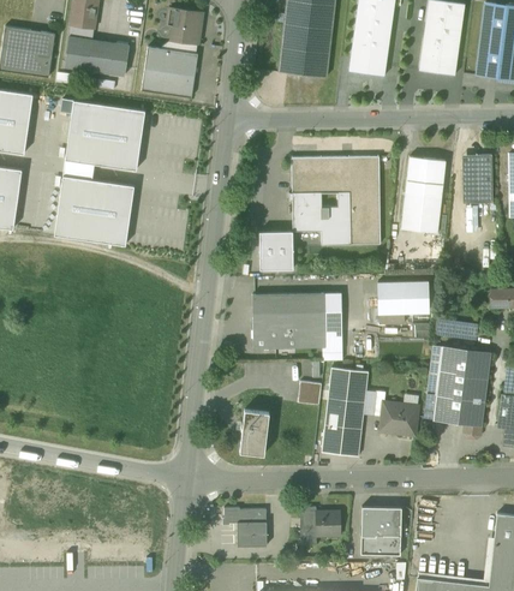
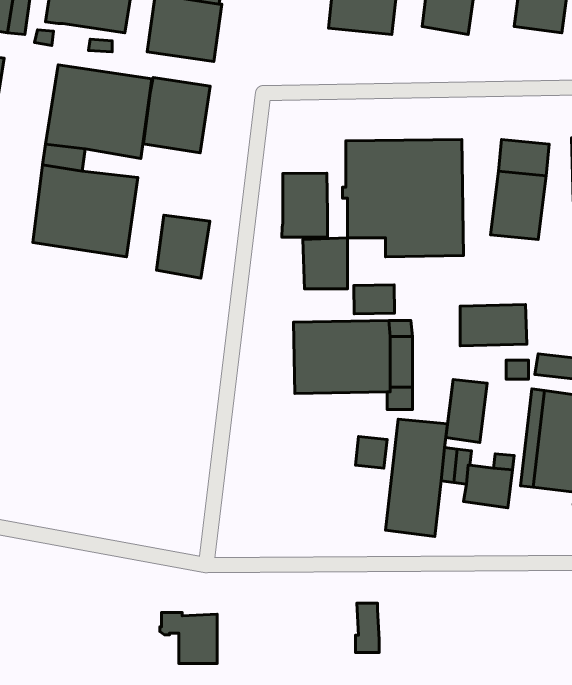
building: none -> [143,77,210,153]
building: none -> [282,173,327,237]
building: none -> [157,215,210,278]
building: none -> [354,285,395,314]
building: none -> [446,380,487,442]
building: [240,410,269,455] -> none
building: [361,506,402,555] -> none
building: [223,507,267,545] -> [160,612,217,663]
building: [316,511,340,535] -> none

